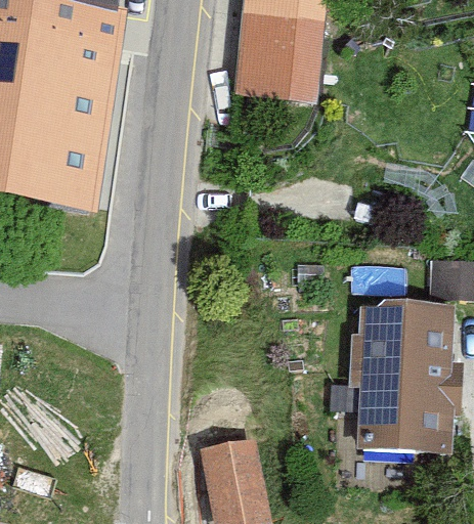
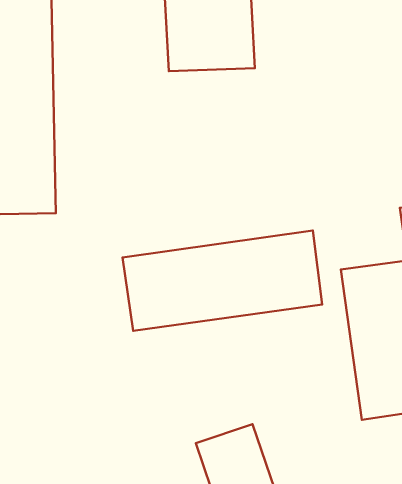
building: none -> [122,231,322,331]

